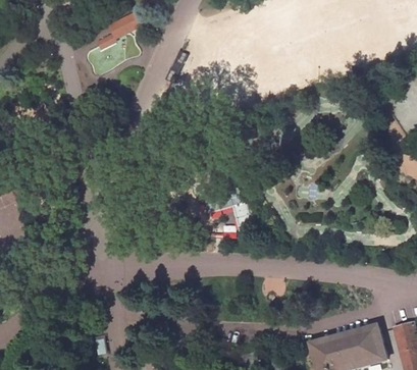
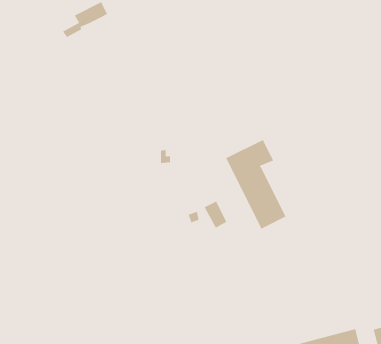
building: none -> [225,139,286,230]

